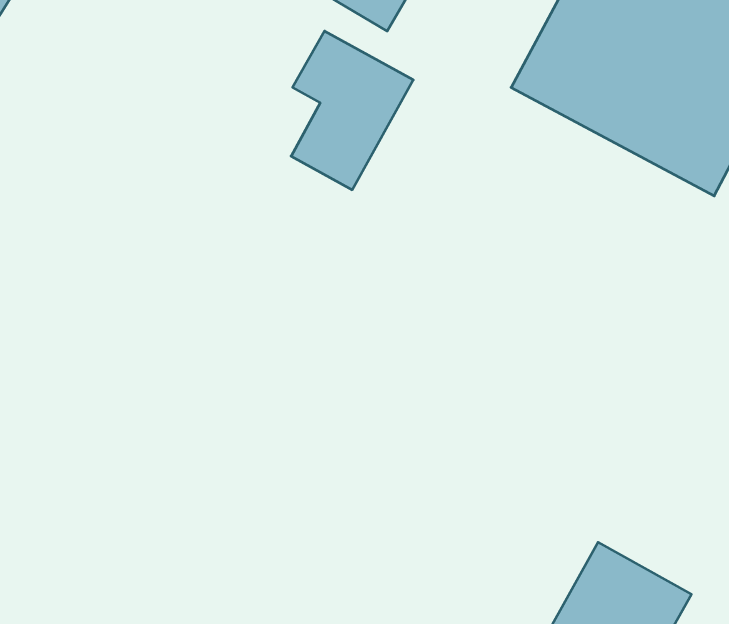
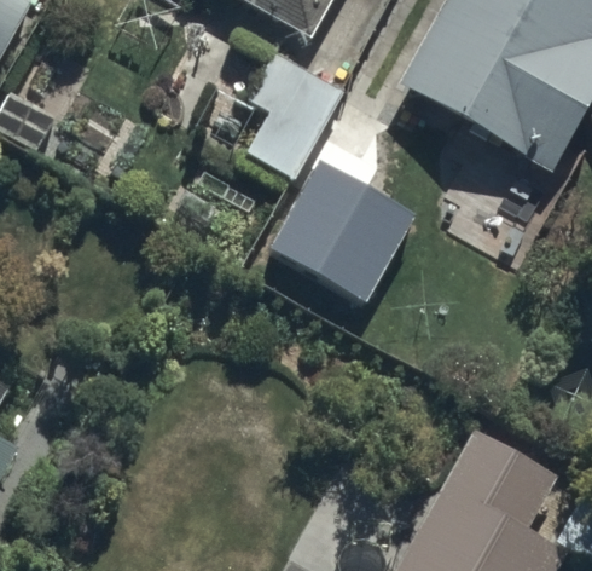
building: none -> [261,152,406,294]

